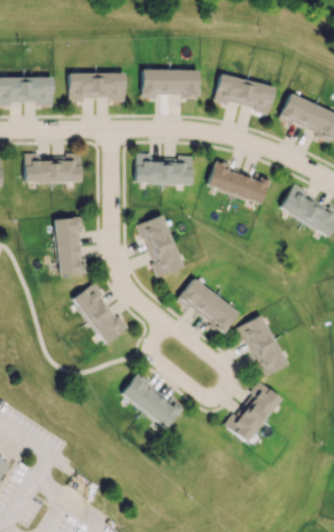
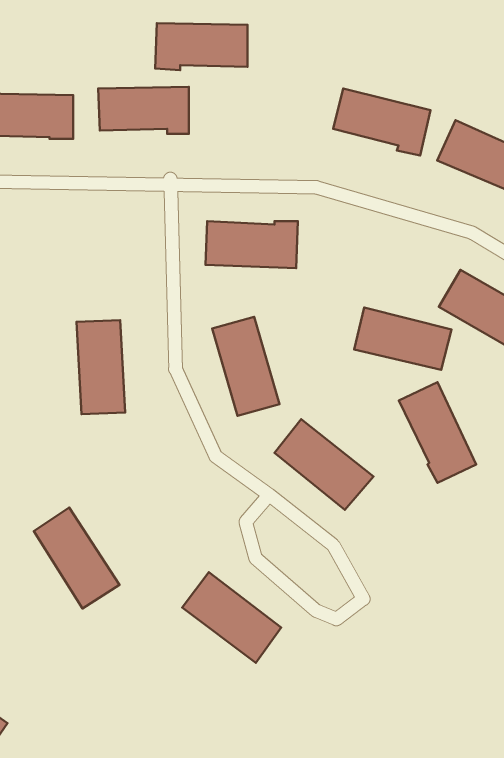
building: [142,70,199,99] -> [155,23,247,70]
building: [25,153,81,183] -> none
building: [208,163,268,202] -> [354,308,451,370]
building: [74,283,127,345] -> [34,508,119,608]
building: [238,315,286,377] -> [399,382,476,483]
building: [226,382,282,444] -> none

